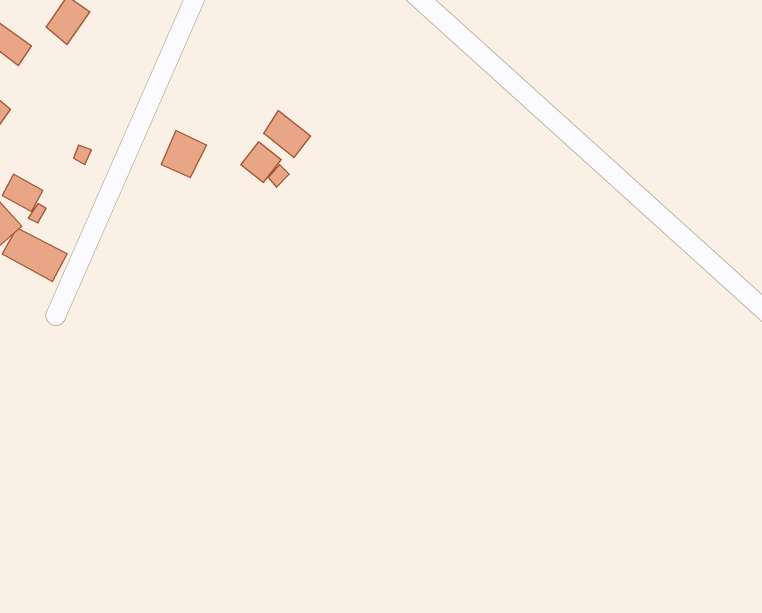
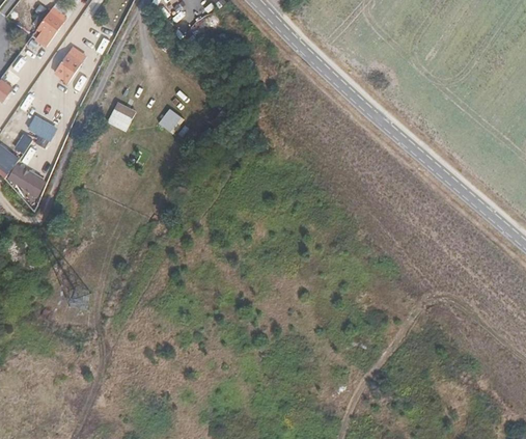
building: none -> [52,45,89,84]
building: [264,111,311,158] -> none
building: none -> [26,114,56,139]

